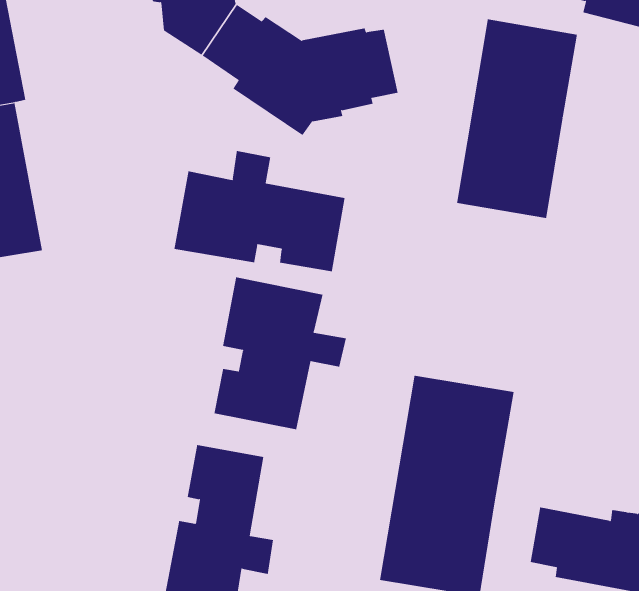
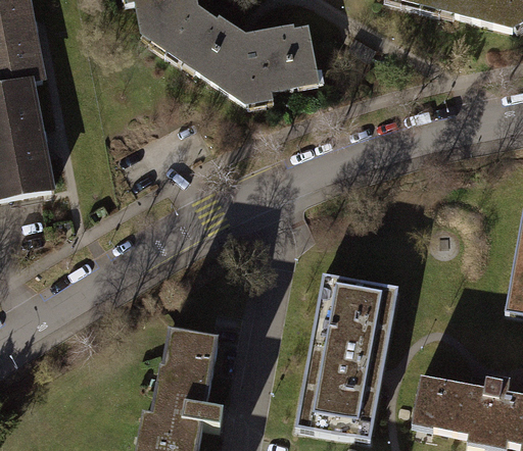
building: [457,19,577,219] -> none
building: [174,150,345,272] -> none
building: [214,276,346,430] -> none

